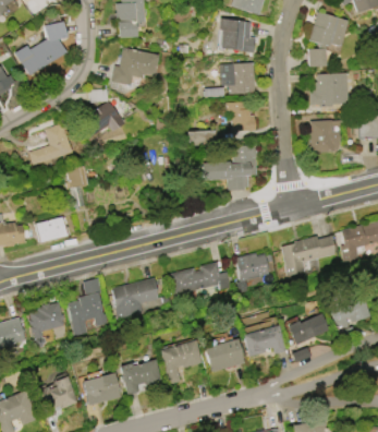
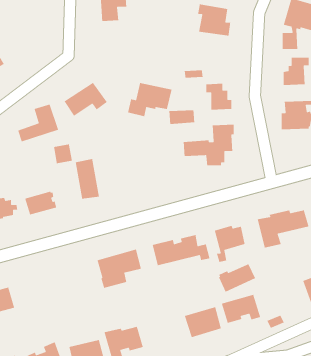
building: [15,21,66,75] -> none
building: [111,48,159,85] -> [127,82,173,117]
building: [221,62,255,94] -> none
building: none -> [75,158,100,200]
building: [68,277,110,336] -> none
building: [29,302,65,348] -> none
building: [290,313,330,345] -> [218,263,256,293]
building: [160,339,203,384] -> none

